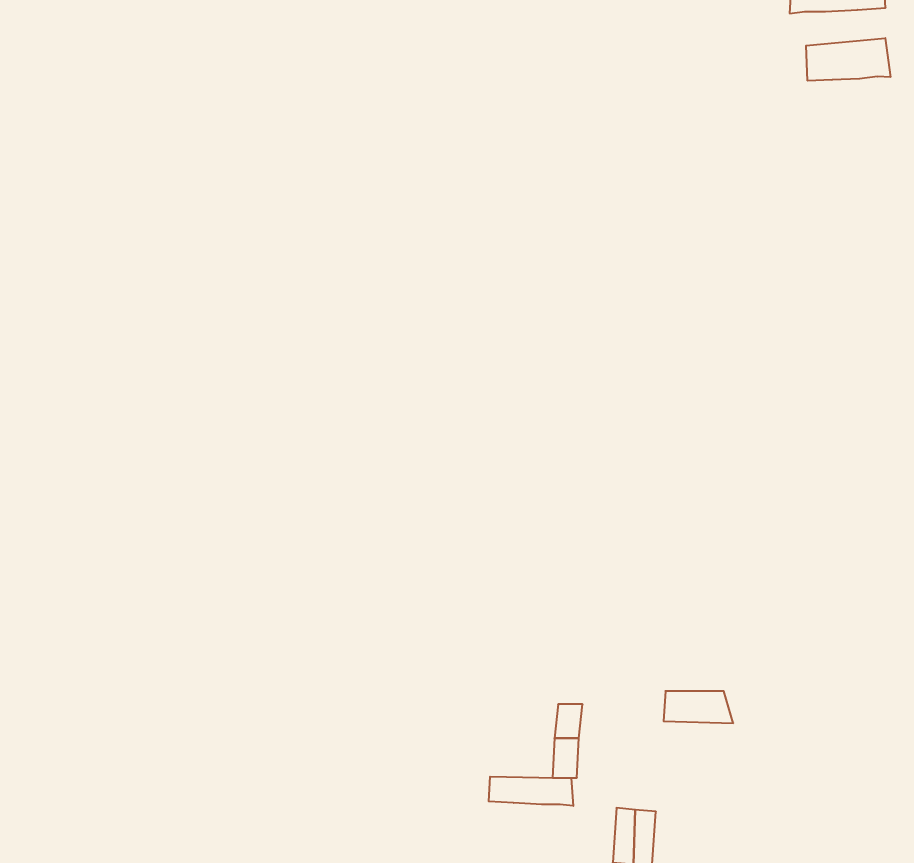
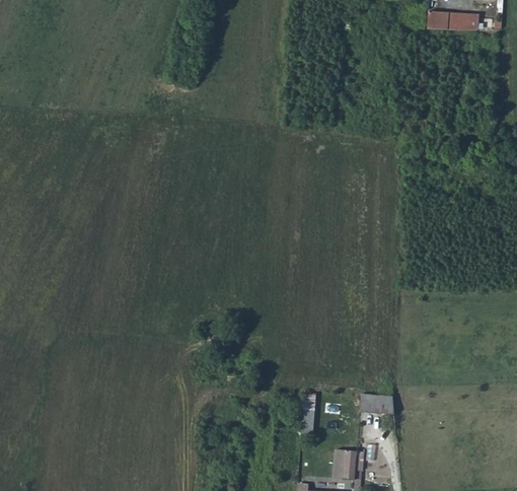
building: [806,38,890,81] -> none
building: [489,777,573,806] -> none

